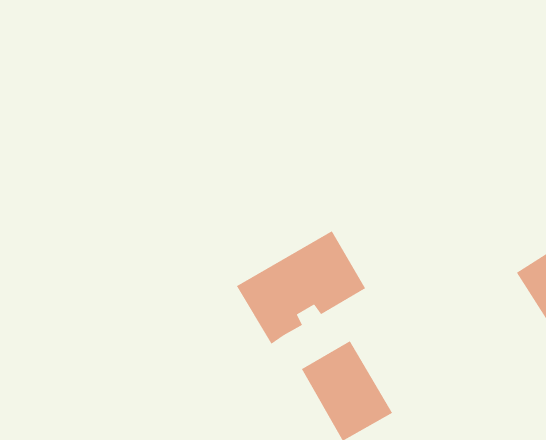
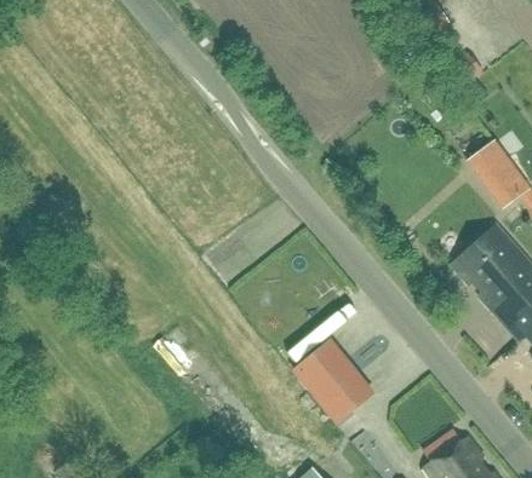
building: [236,230,366,345] -> none

